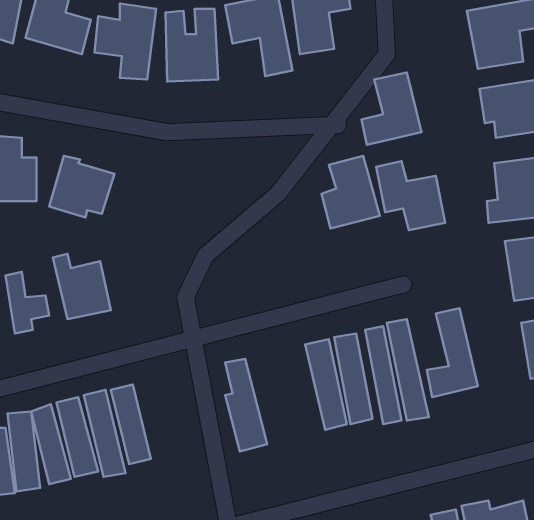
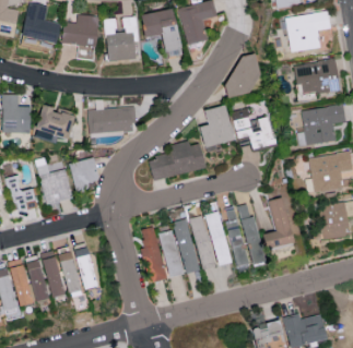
building: none -> [89,108,134,134]
building: none -> [149,142,205,181]
building: none -> [69,158,98,193]
building: none -> [158,219,198,278]

